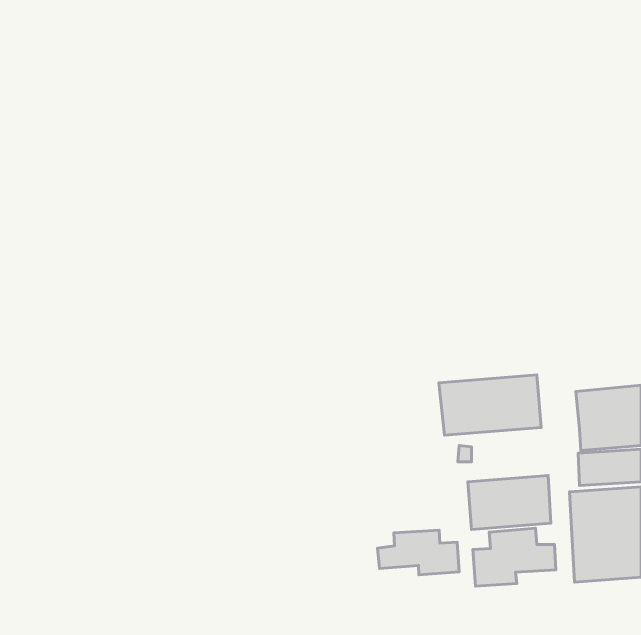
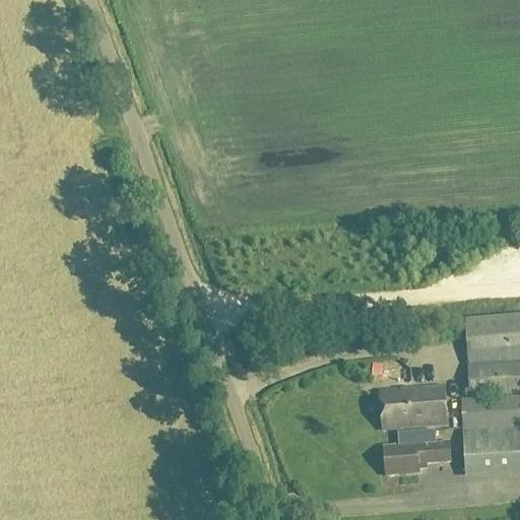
building: [439,375,541,435] -> none
building: [378,530,459,575] -> none

